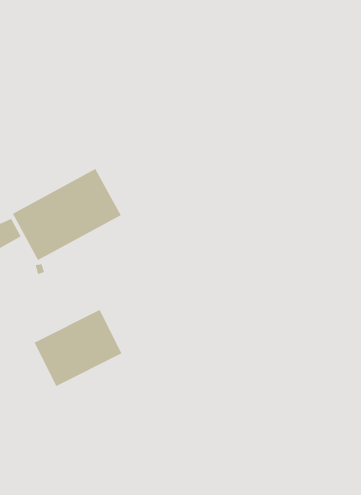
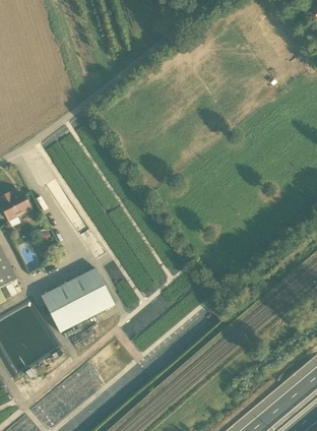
building: [12,168,121,261] -> none

